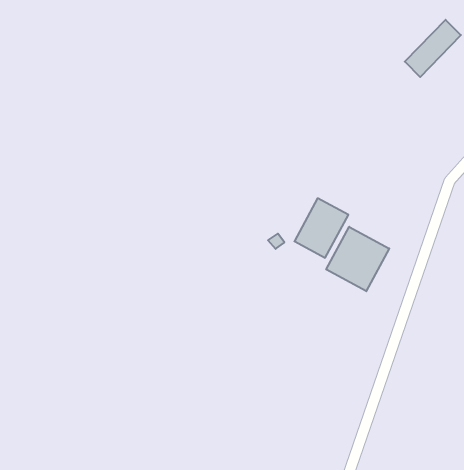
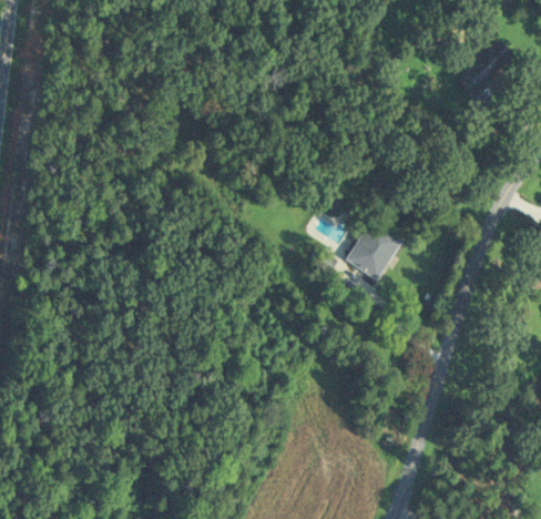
building: [326,227,389,291] -> none

